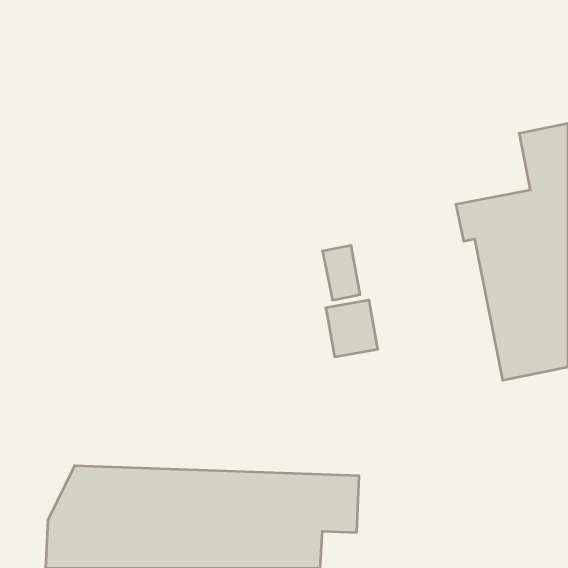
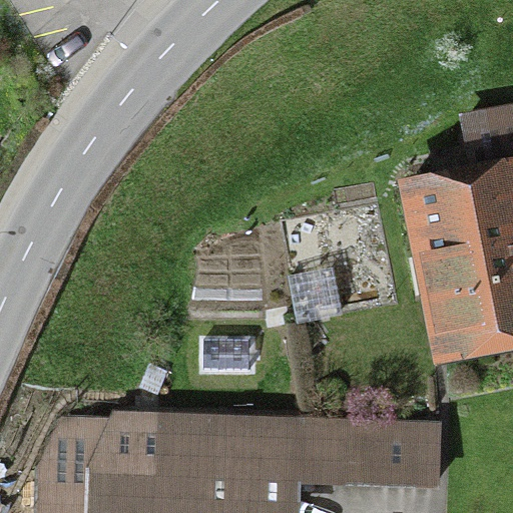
building: none -> [322,423,441,484]

